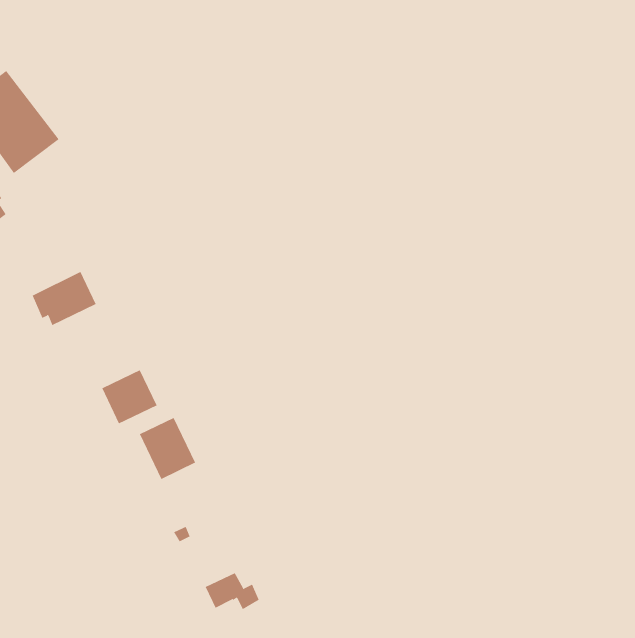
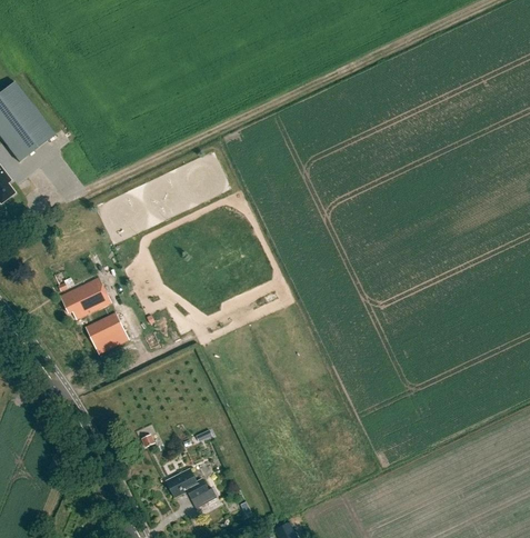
building: [32,271,97,326] -> [61,277,111,319]
building: [139,417,196,480] -> none

